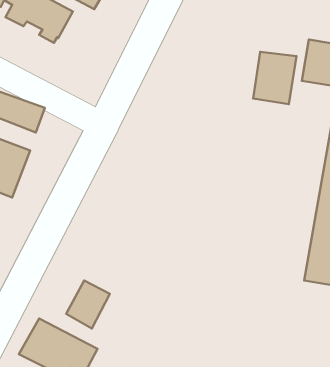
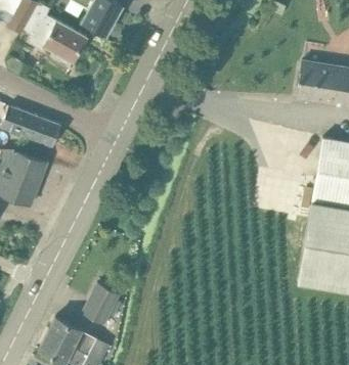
building: [253,52,297,104] -> none

